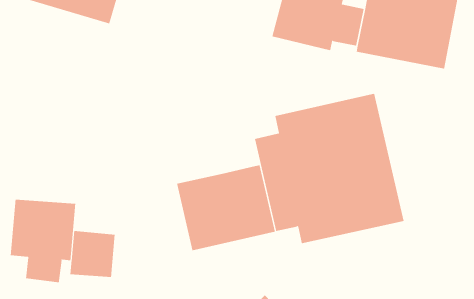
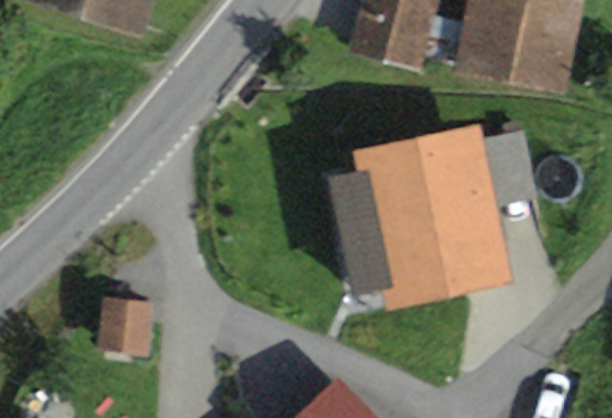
building: [177,164,276,251] -> none
building: [10,199,76,283] -> none

